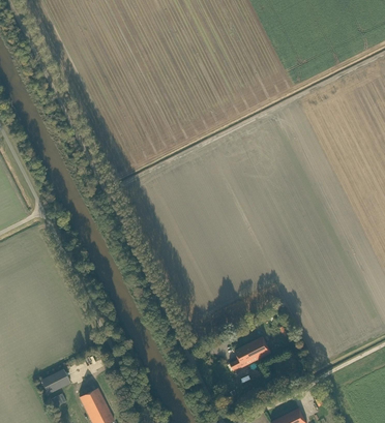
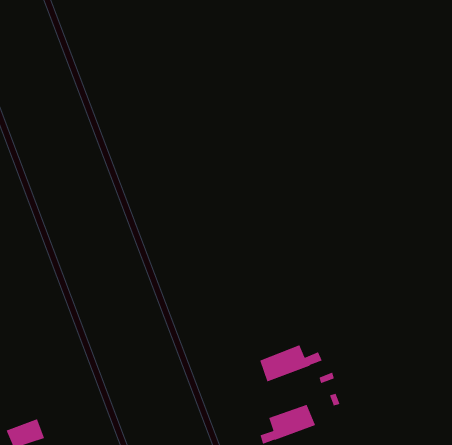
building: none -> [259,344,323,383]

